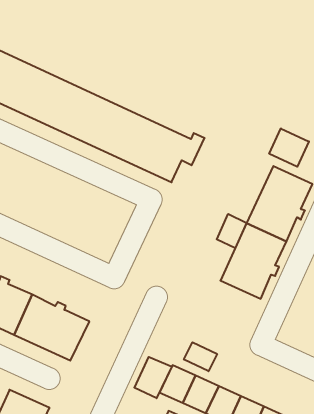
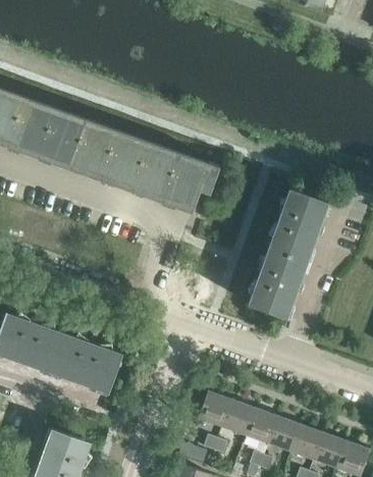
building: [269,128,309,167] -> none
building: [217,214,247,248] -> none
building: [184,342,217,371] -> none
building: [134,357,172,398] -> none

